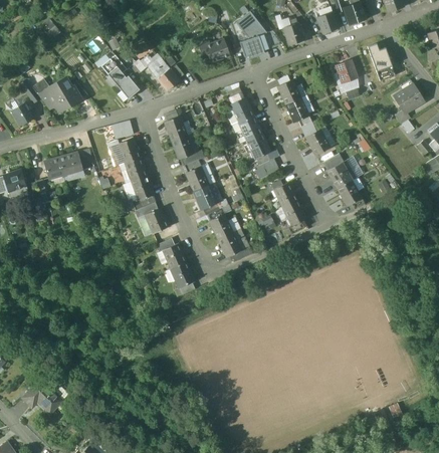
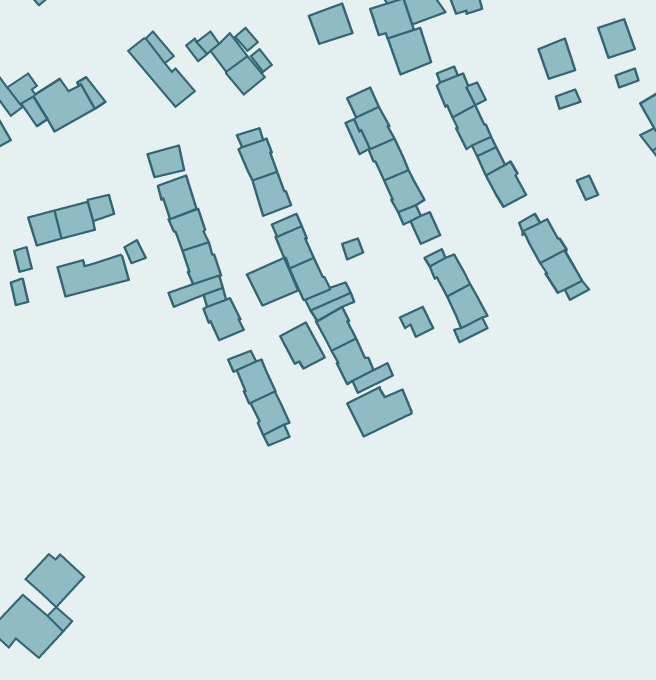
building: none -> [388,28,431,75]
building: none -> [58,255,129,297]
building: none -> [247,258,298,306]
building: none -> [280,323,325,369]
building: none -> [347,387,411,437]
building: none -> [26,554,84,607]

